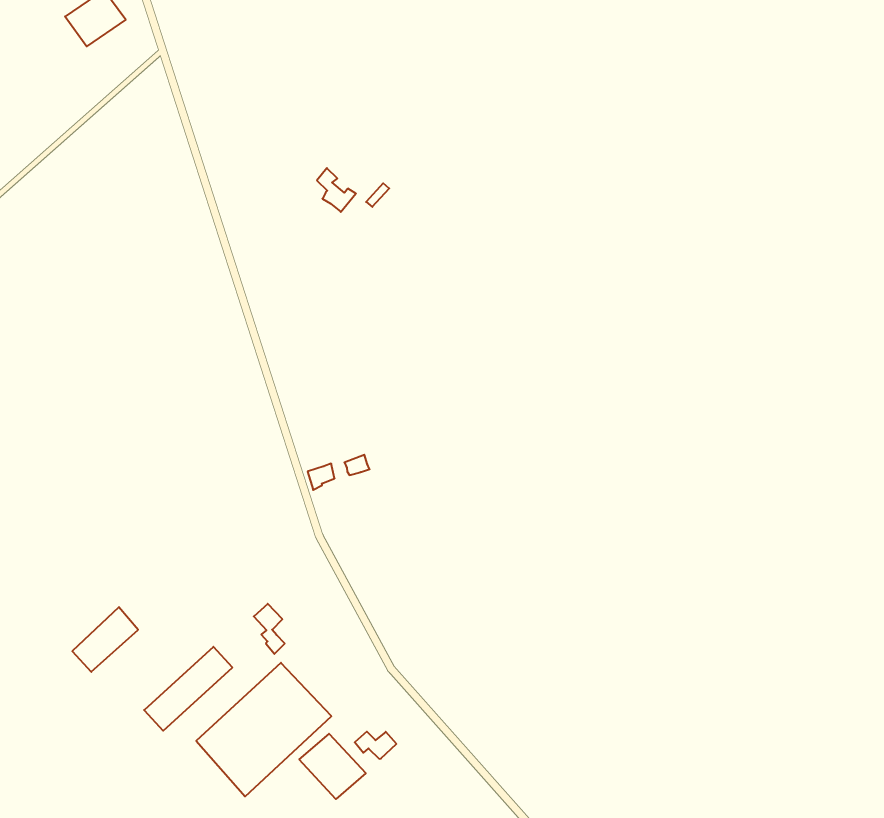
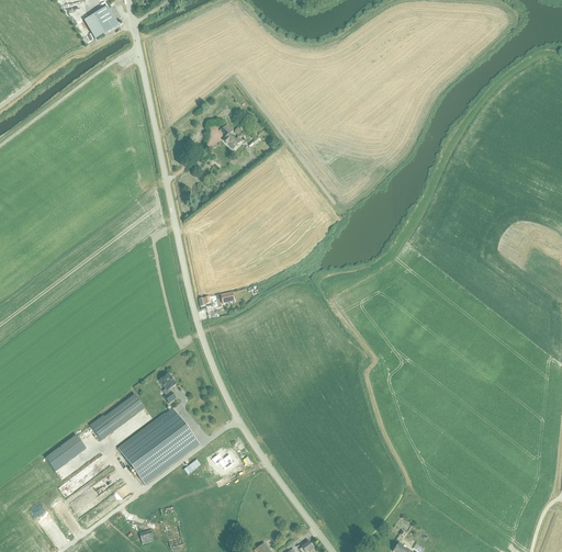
building: [72,607,138,672] -> [45,433,85,470]
building: [299,734,366,799] -> none

